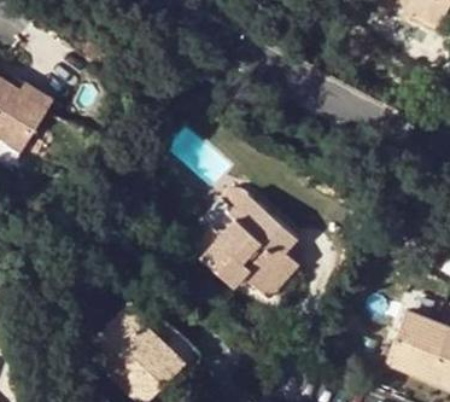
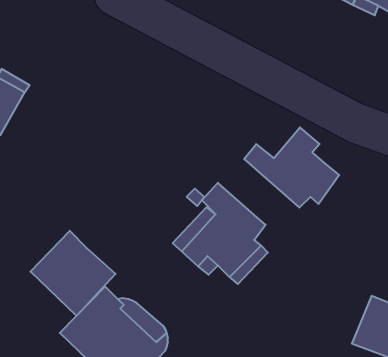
building: none -> [244,127,339,208]
building: none -> [30,231,116,316]

